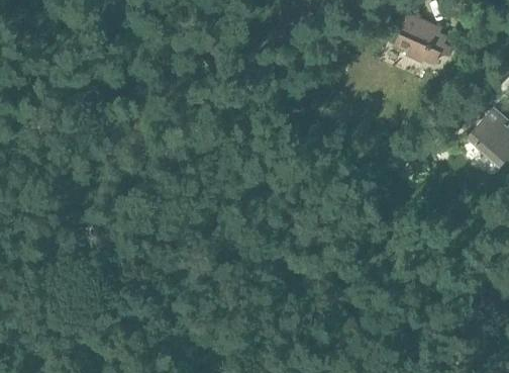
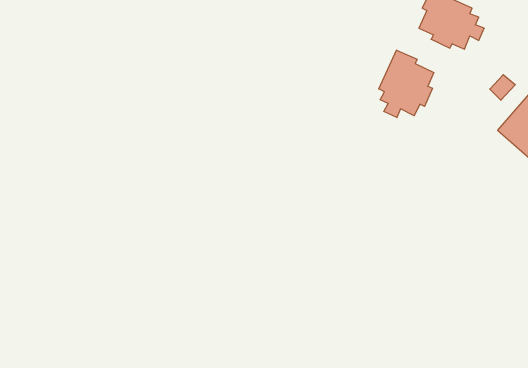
building: none -> [379,50,434,118]

